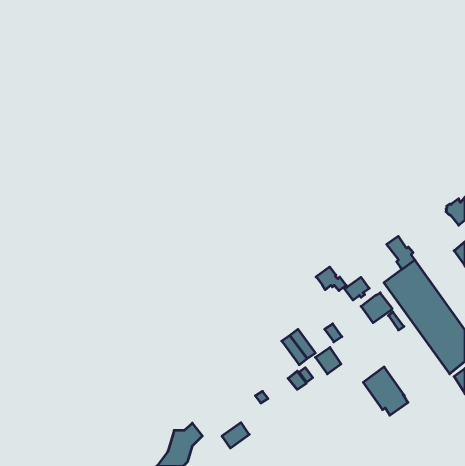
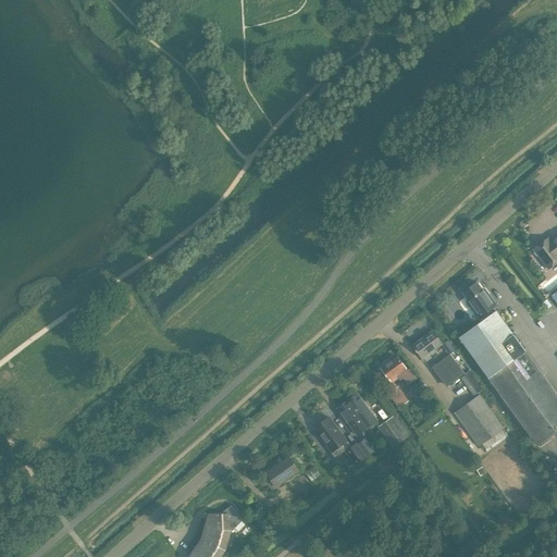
building: [316,267,346,291] -> [380,356,416,384]
building: none -> [313,417,348,456]
building: [363,367,408,415] -> [454,394,507,451]
building: [222,423,249,448] -> [265,456,298,486]

